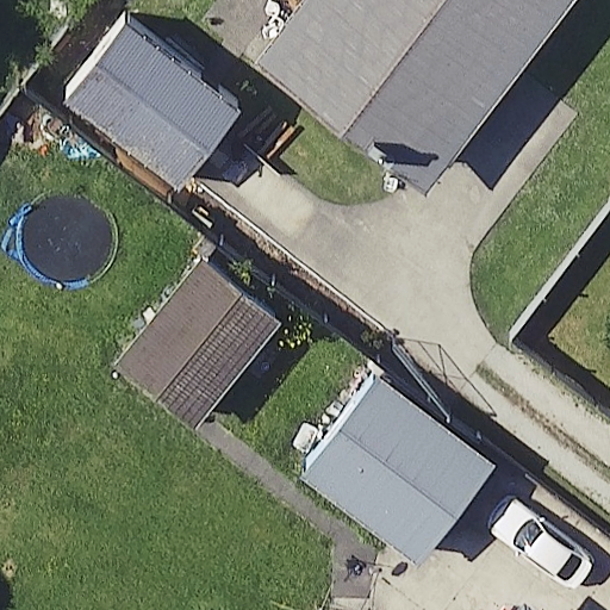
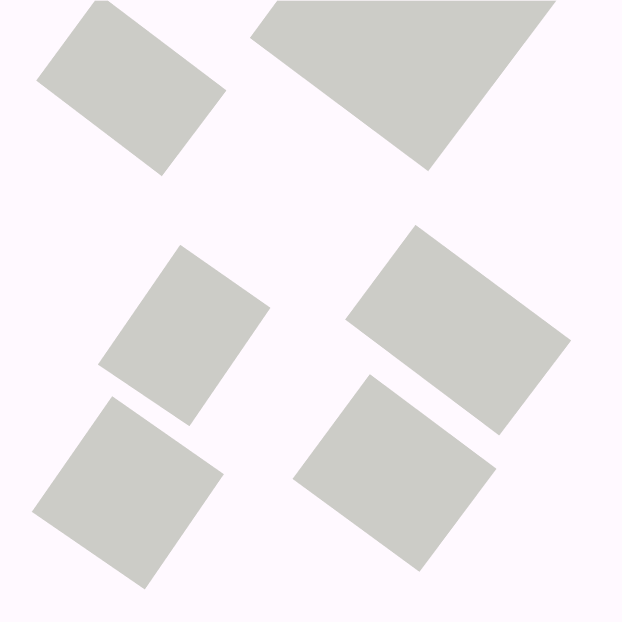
building: none -> [344,224,572,437]
building: none -> [31,395,225,591]

